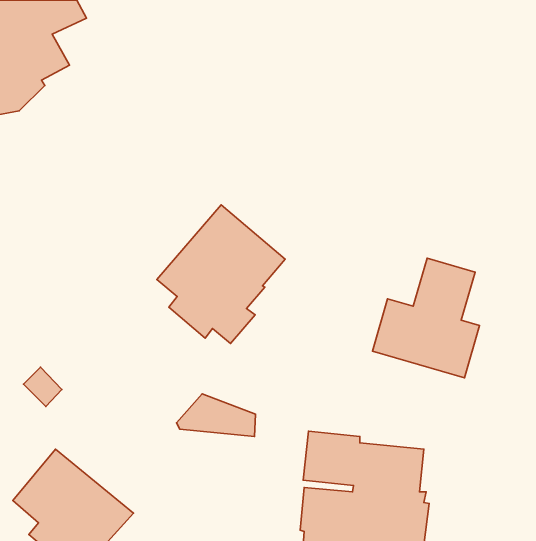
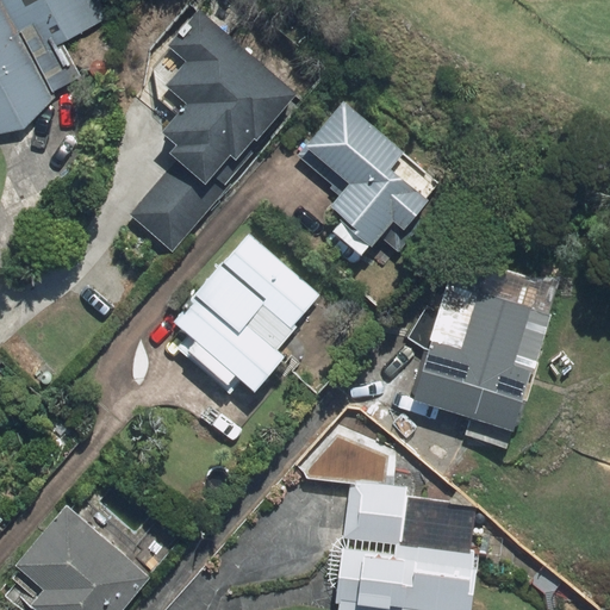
building: none -> [127,11,294,250]
building: none -> [293,100,431,254]
building: [177,394,256,437] -> [300,442,388,490]

